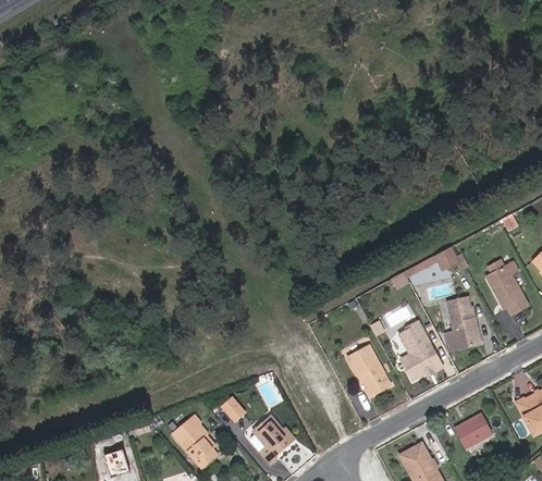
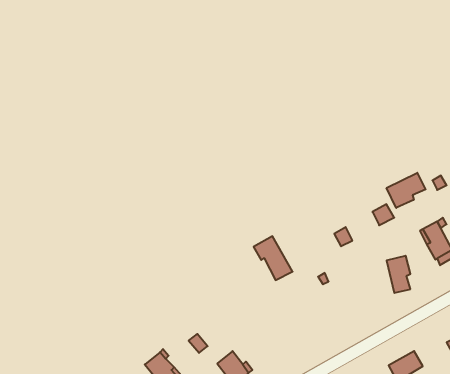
building: none -> [387,173,426,208]
building: [399,328,439,380] -> none
building: [347,345,392,395] -> [254,236,293,280]

